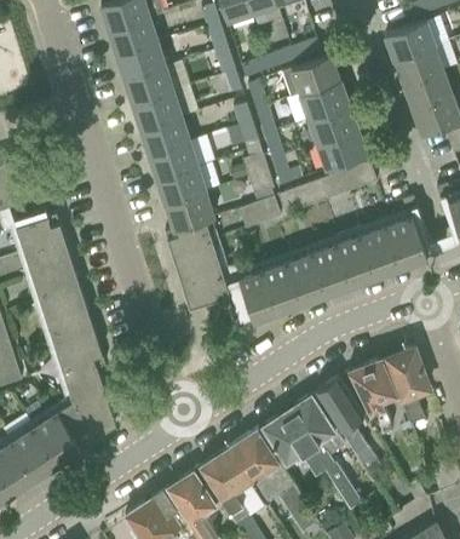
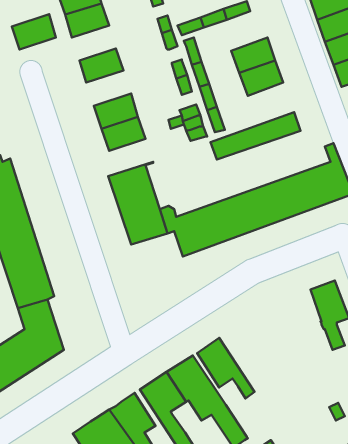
building: [282,53,340,97] -> none
building: [125,65,173,104] -> [12,14,56,49]
building: [140,115,190,154] -> none
building: [318,128,367,167] -> none
building: [166,190,214,229] -> none
building: [240,196,281,228] -> none
building: [349,357,402,431] -> none
building: [316,375,381,472] -> none
building: [287,394,362,508] -> none

